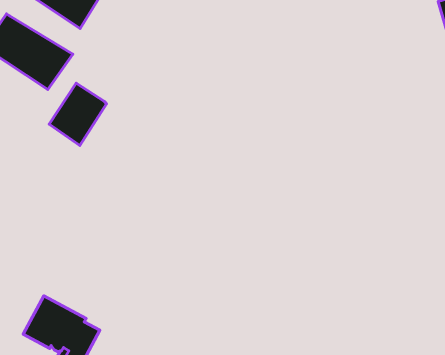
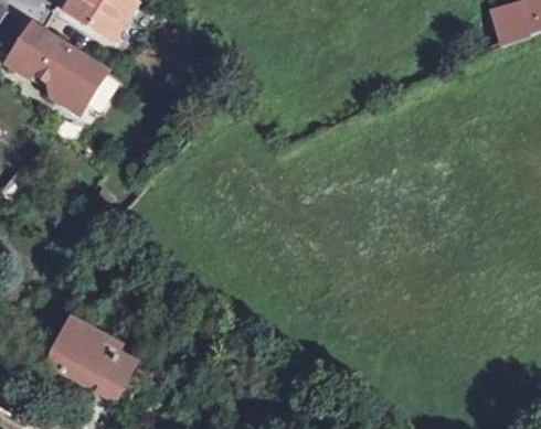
building: [49,83,106,145] -> none

